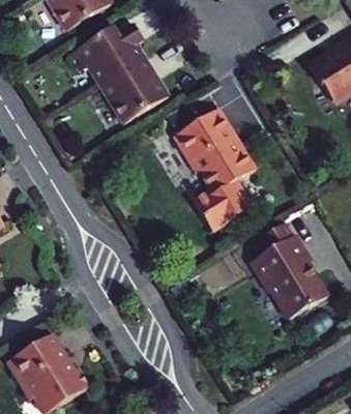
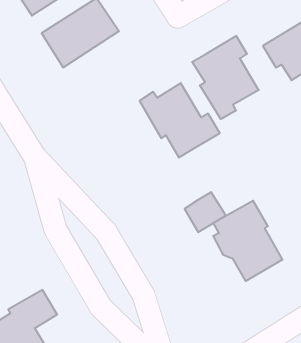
building: [90,52,172,125] -> none
building: none -> [192,36,259,119]
building: [198,177,241,219] -> [185,192,226,232]

